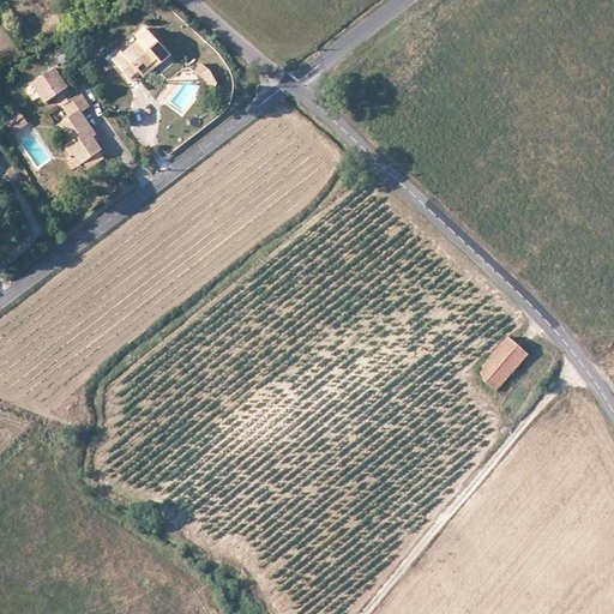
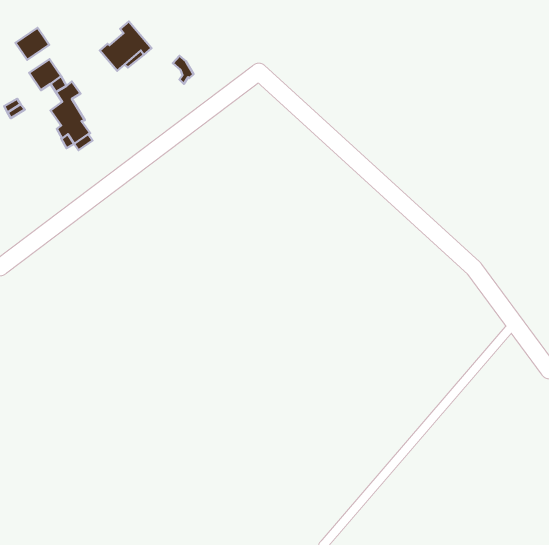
building: none -> [16,28,49,60]
building: [477,337,529,391] -> none

